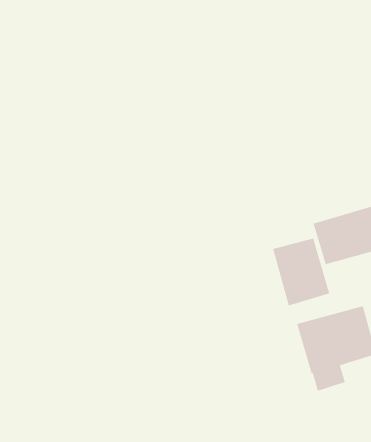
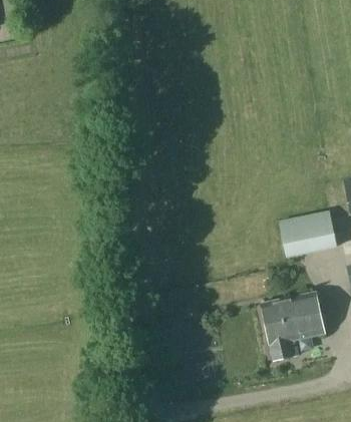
building: [272,238,330,306] -> none

